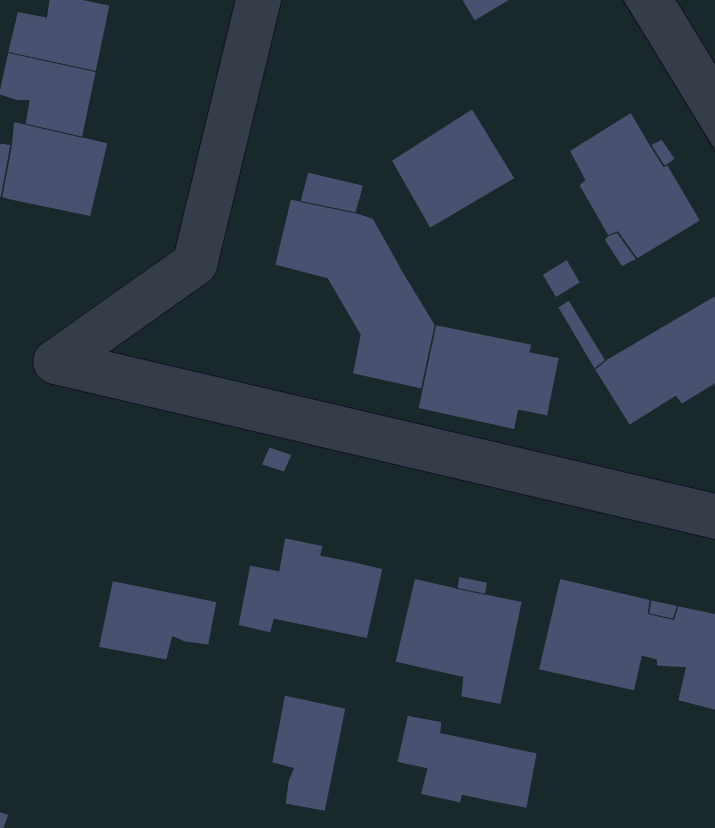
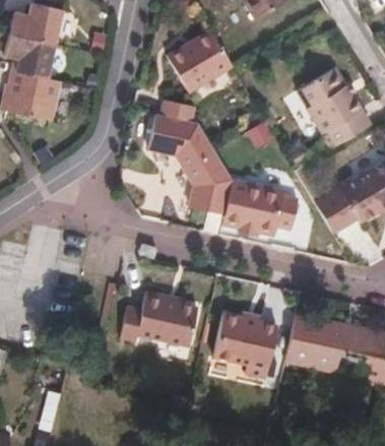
building: [391,108,515,228] -> [167,28,232,91]
building: [98,581,217,660] -> none
building: [272,695,346,812] -> none
building: [397,715,537,808] -> none

